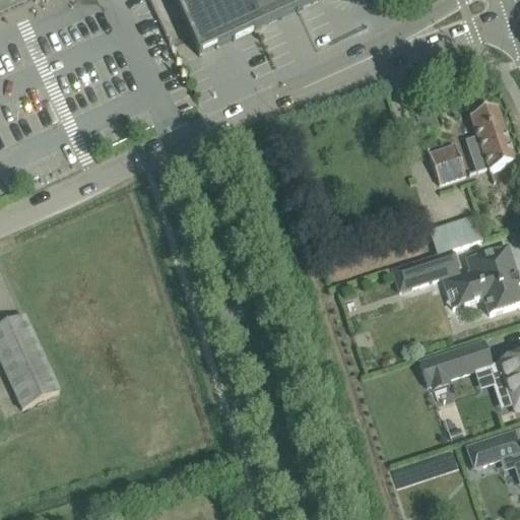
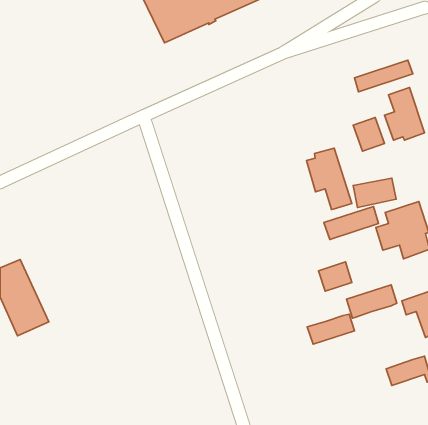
building: none -> [355,60,413,92]
building: none -> [306,148,352,209]
building: none -> [318,262,352,291]
building: none -> [307,314,354,344]

